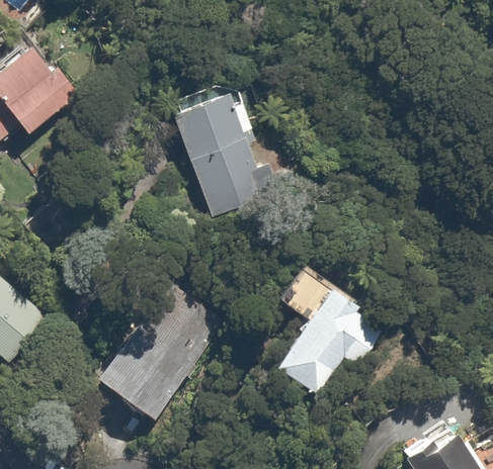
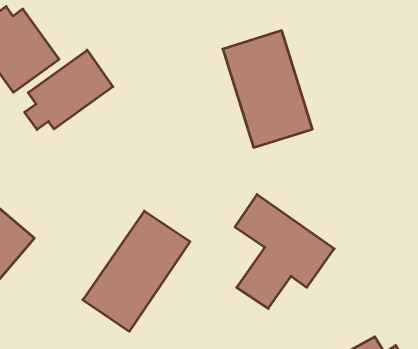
building: [169,80,272,214] -> [223,31,312,147]
building: none -> [25,50,113,130]

